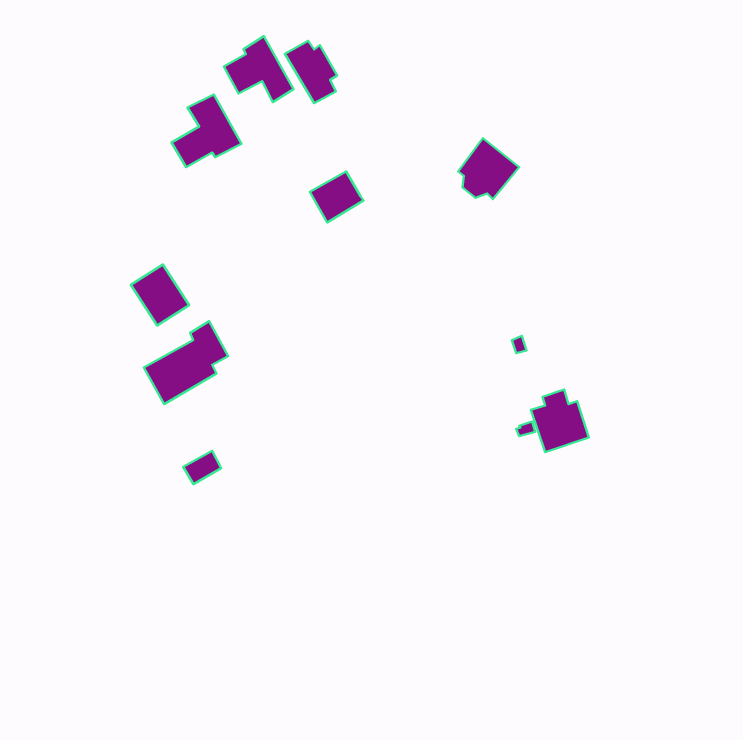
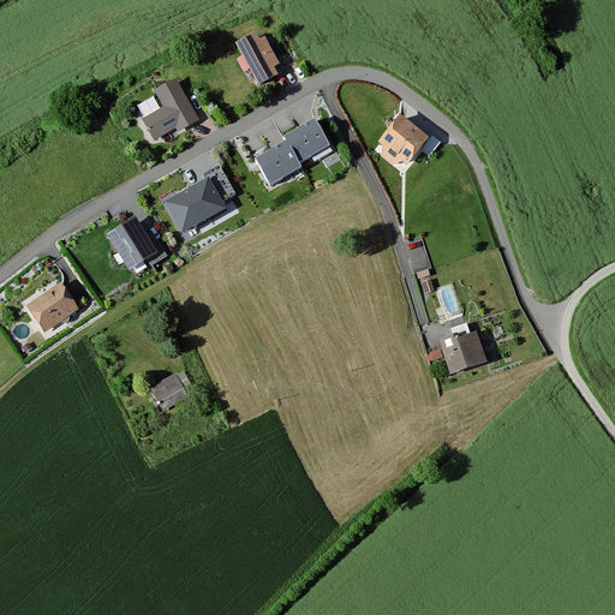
building: [224,36,294,102] -> none
building: none -> [283,120,328,162]
building: [144,321,228,404] -> [165,165,234,233]
building: none -> [28,283,78,330]

